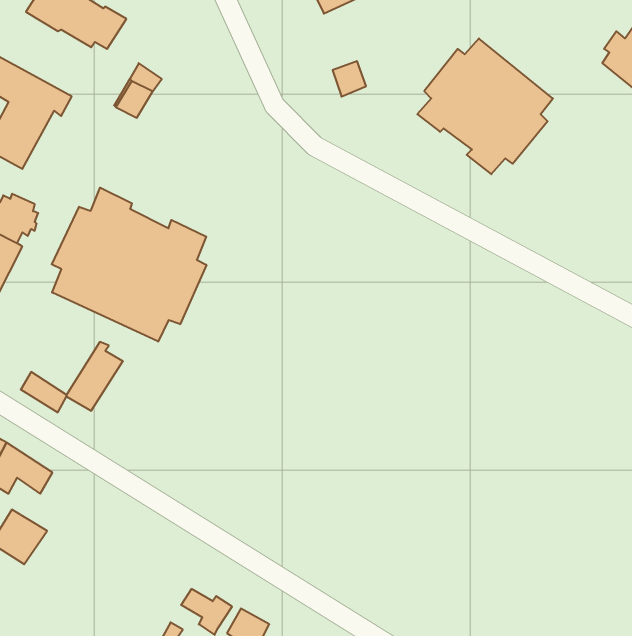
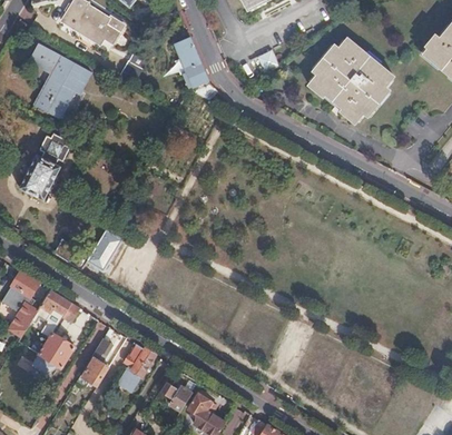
building: none -> [174,38,214,97]
building: [52,188,206,342] -> none
building: none -> [82,340,111,386]
building: none -> [120,346,154,387]

